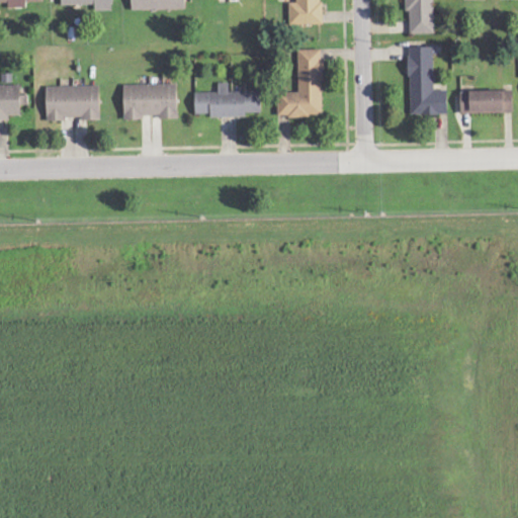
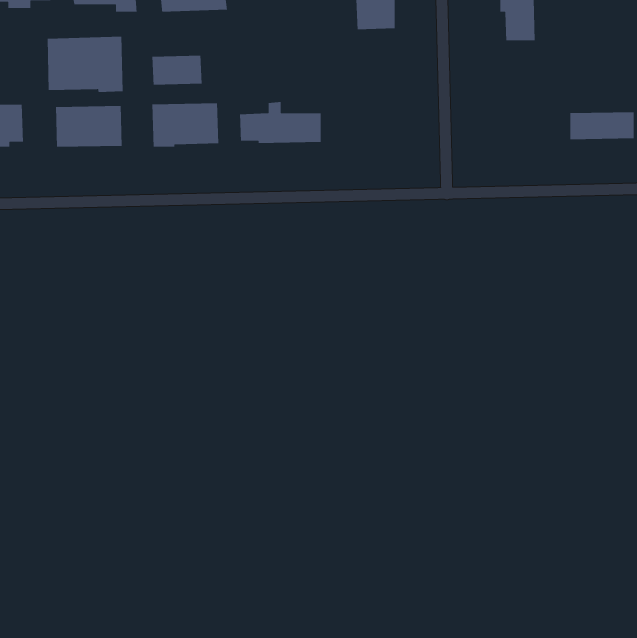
building: none -> [47,36,123,93]
building: none -> [152,55,203,86]
building: [408,47,447,115] -> none
building: [276,49,323,117] -> none

